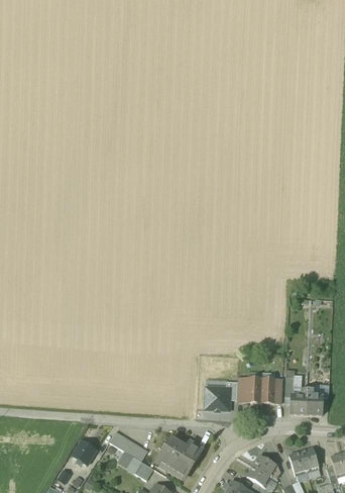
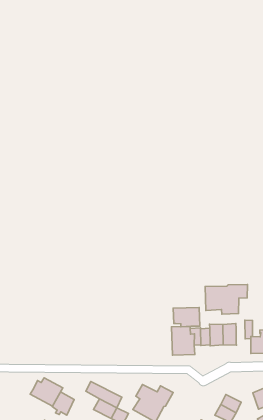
building: none -> [205,284,247,314]
building: none -> [173,308,200,327]
building: none -> [30,378,63,406]

